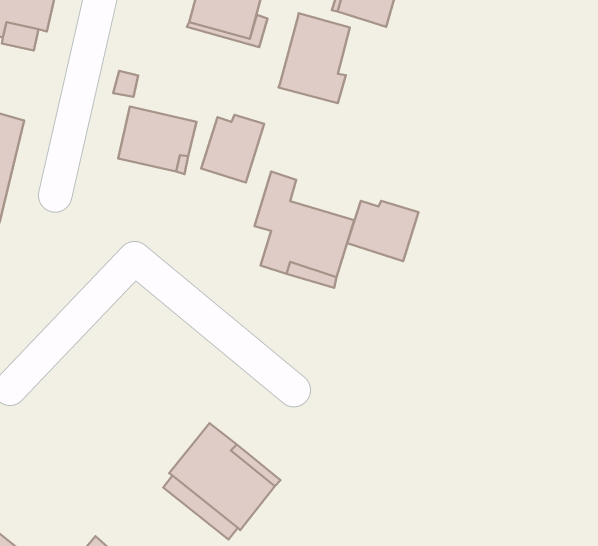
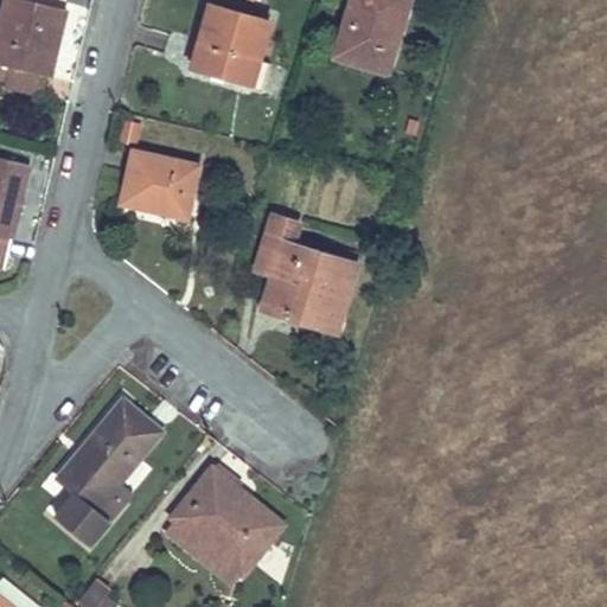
building: [278,13,350,103] -> none
building: [201,115,264,183] -> none
building: [347,201,418,261] -> none
building: none -> [56,400,161,544]

